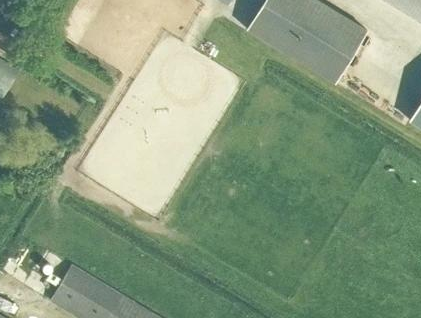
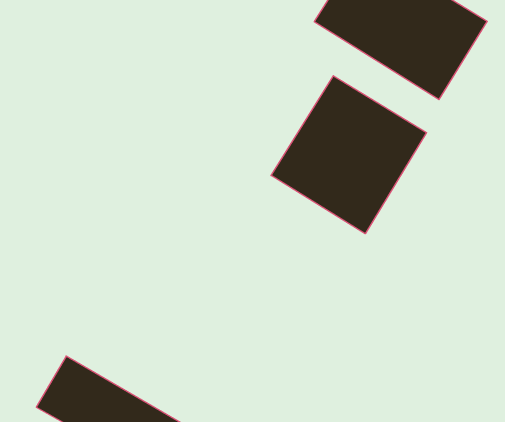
building: none -> [271,76,427,234]

